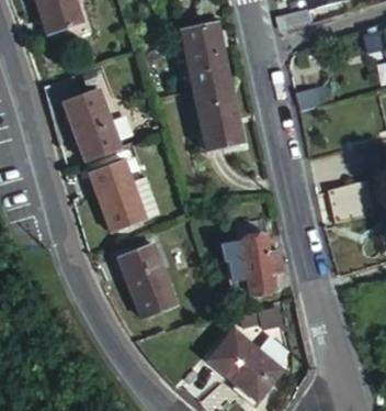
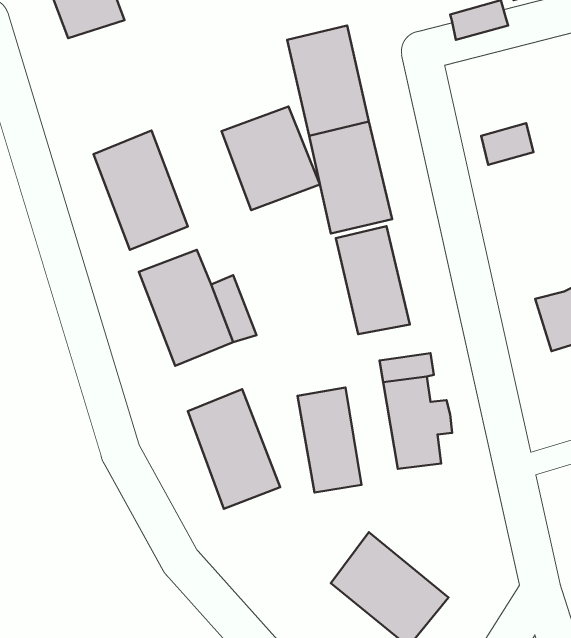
building: none -> [221,106,320,210]
building: none -> [336,226,410,334]
building: none -> [297,388,361,492]

